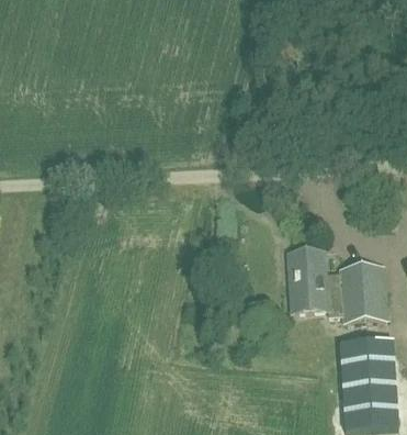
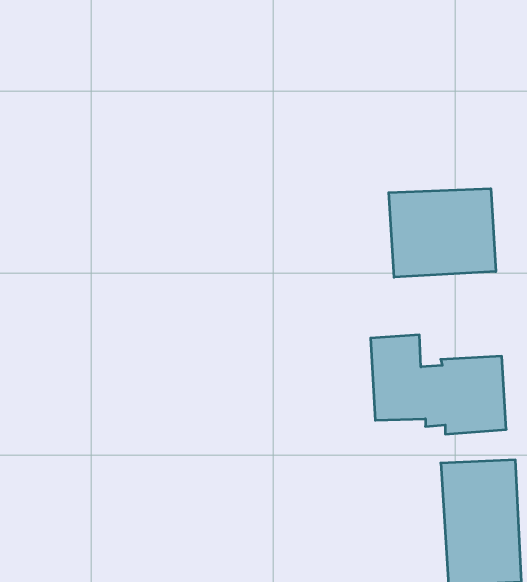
building: none -> [389,189,496,277]

